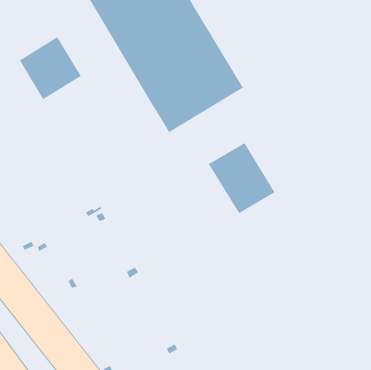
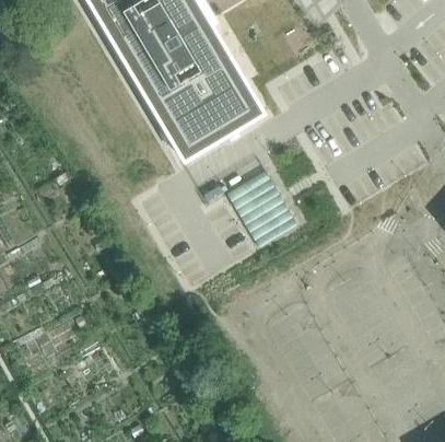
building: [19,36,82,100] -> none

